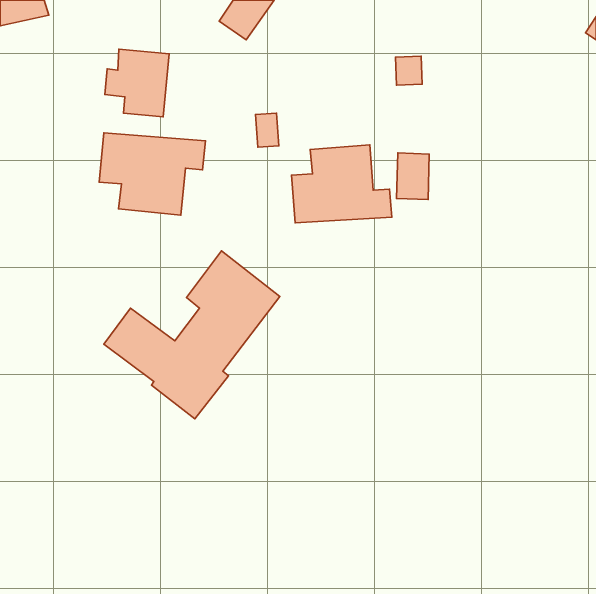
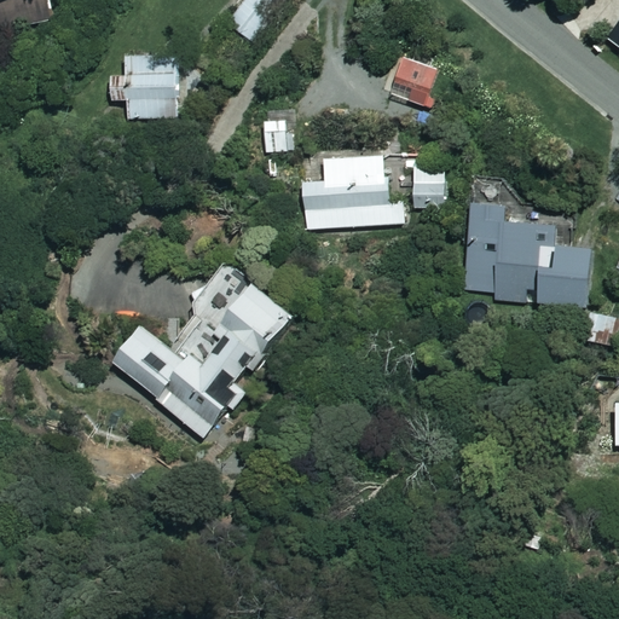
building: [99,133,206,215] -> none
building: none -> [465,202,586,305]

